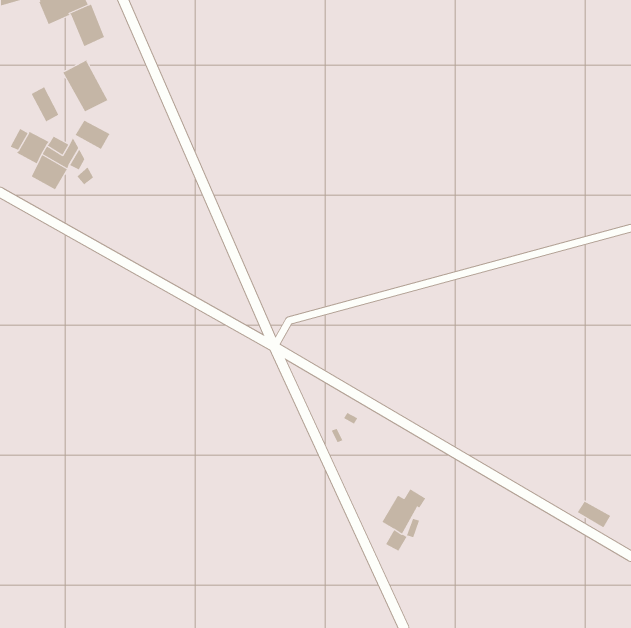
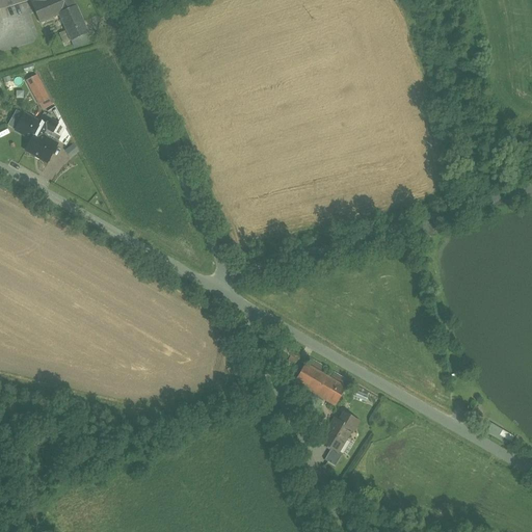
building: [63,59,108,112] -> none
building: [75,120,110,150] -> none
building: none -> [295,362,346,403]

